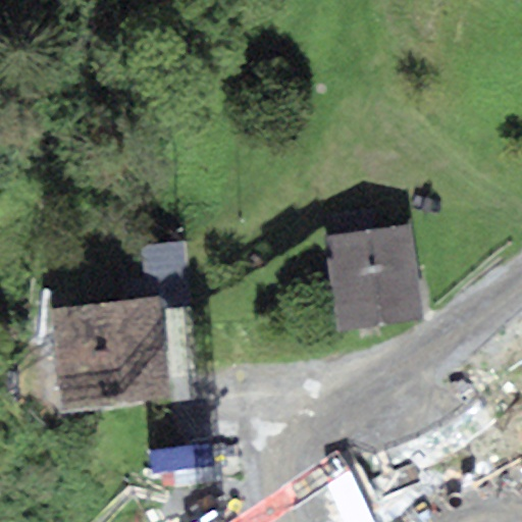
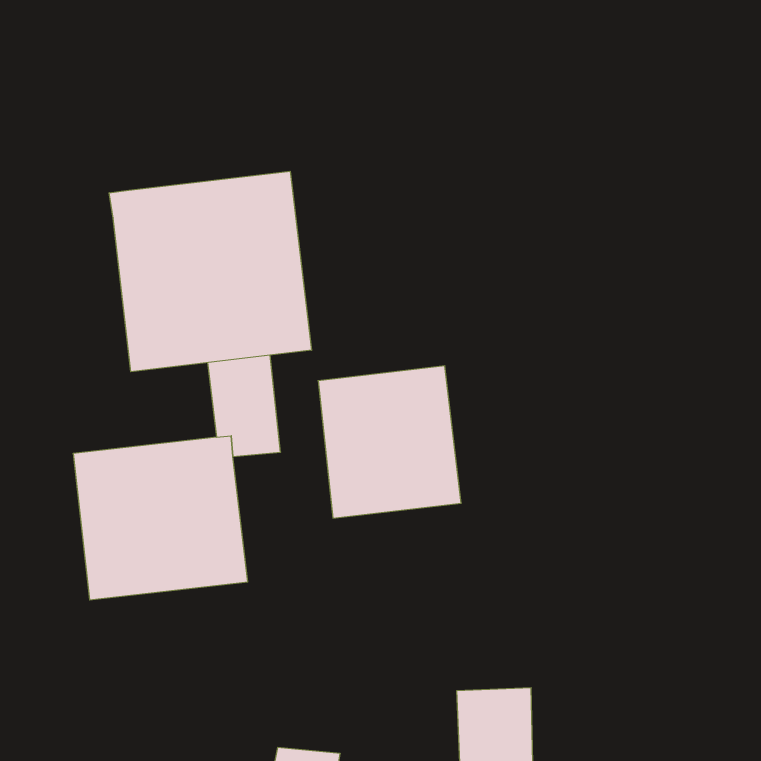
building: none -> [109,171,312,372]
building: [325,225,423,329] -> [318,366,461,518]

